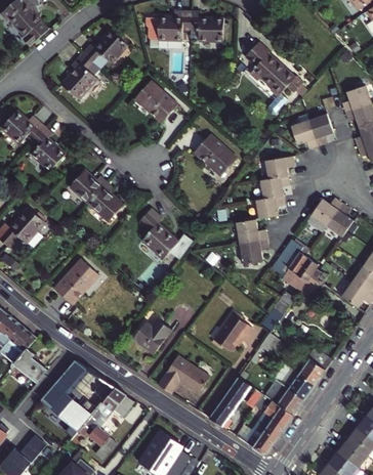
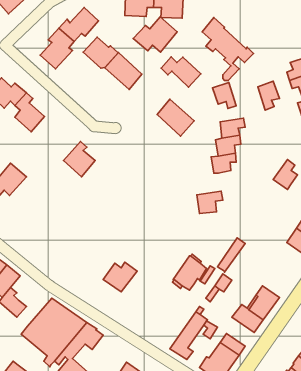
building: none -> [133,17,177,52]
building: none -> [83,37,118,68]
building: none -> [161,57,201,87]
building: [290,120,317,149] -> [213,82,236,109]
building: [69,169,107,204] -> none
building: [306,198,342,231] -> none
building: [139,208,179,259] -> none
building: [236,219,266,243] -> none
building: [270,239,320,289] -> none
building: [54,259,98,304] -> none
building: [158,355,209,393] -> none
building: [264,379,304,415] -> none

